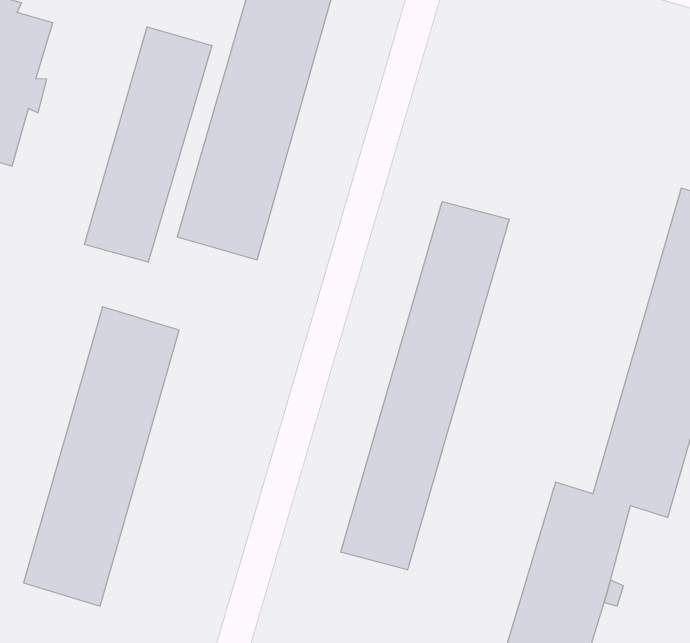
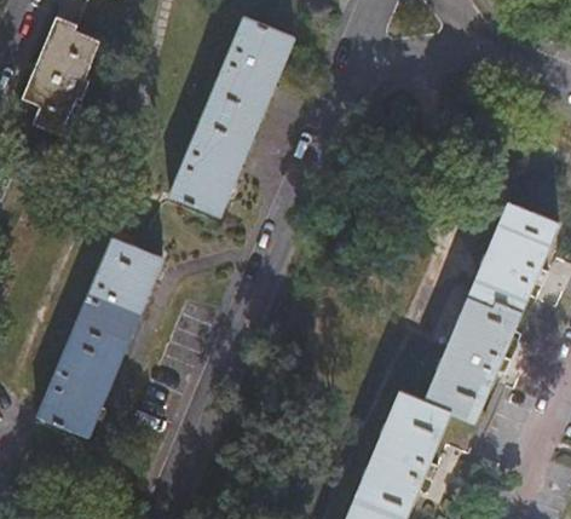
building: [84,27,212,262] -> none
building: [341,202,509,570] -> none

